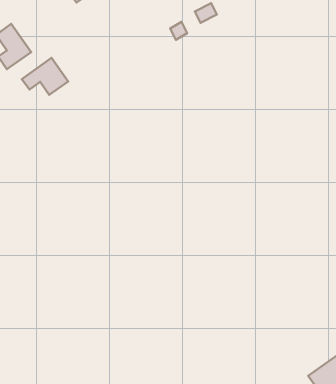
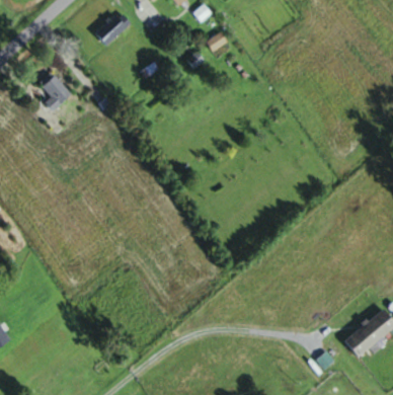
building: [22,58,68,95] -> none

